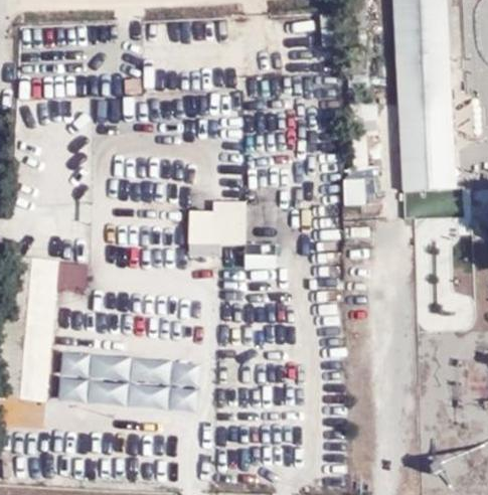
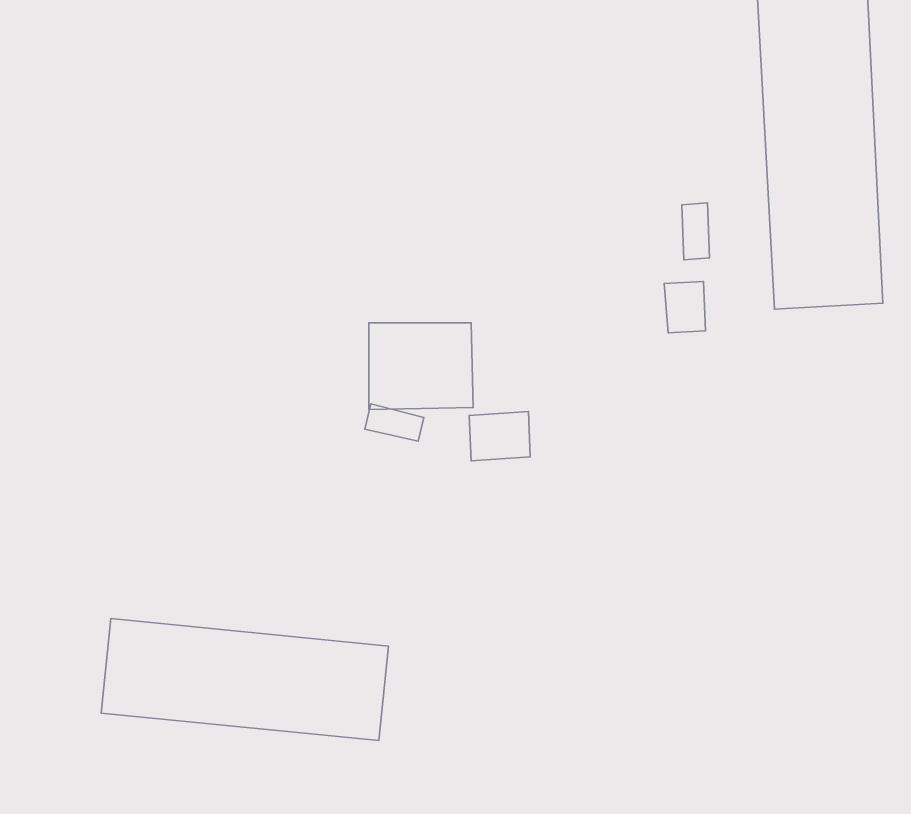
building: [23,260,90,402] -> none

